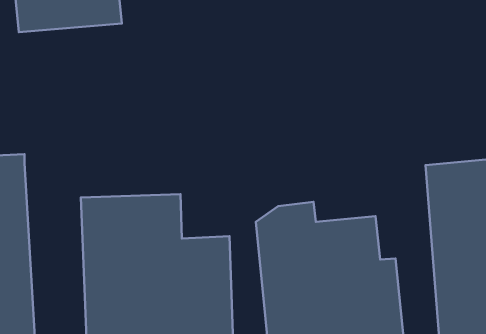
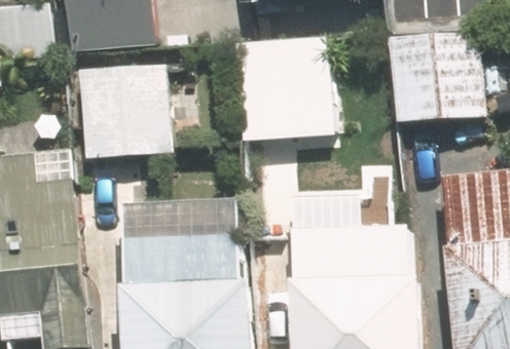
building: none -> [388,28,494,123]
building: none -> [229,33,335,145]
building: none -> [79,68,165,155]

